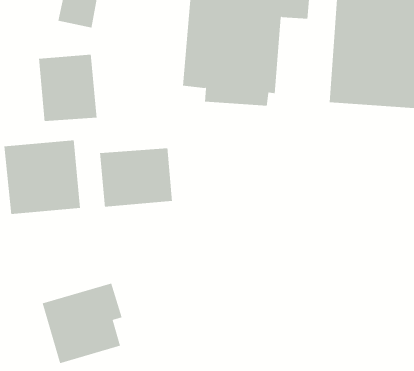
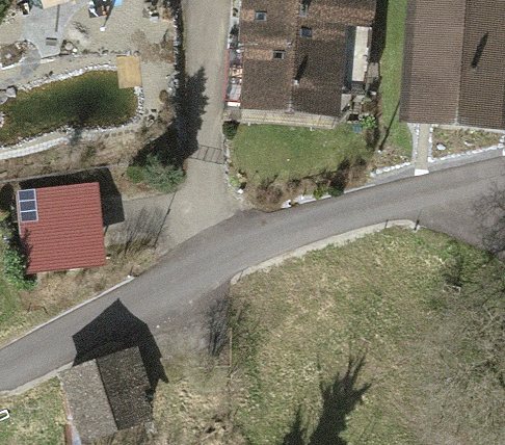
building: [39,54,97,122] -> none
building: [100,147,173,207] -> none

